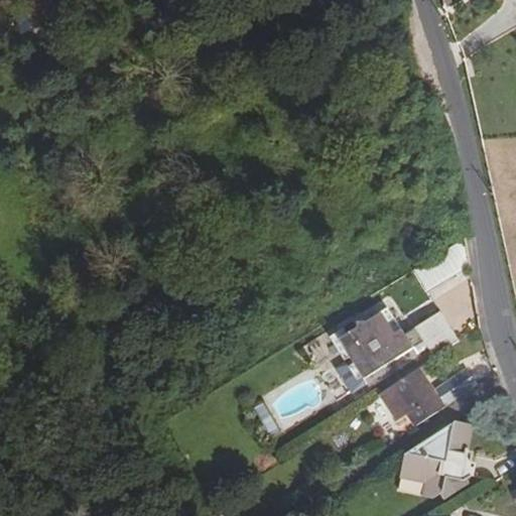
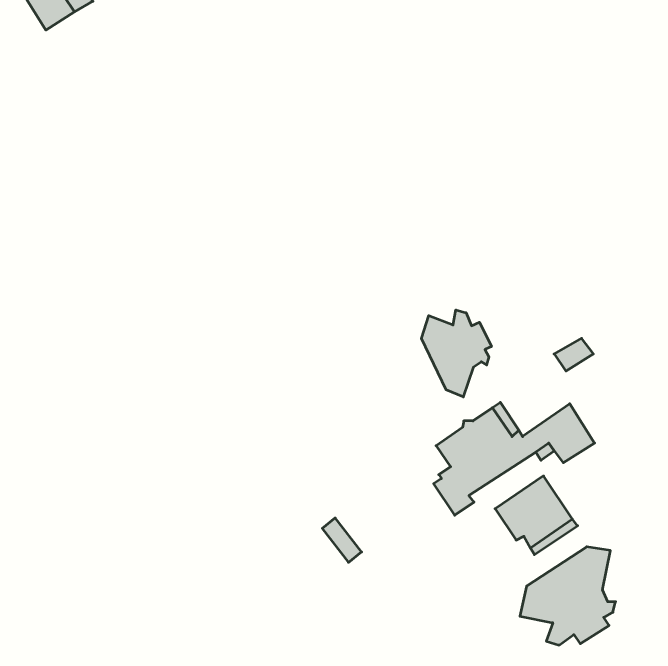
building: none -> [421,310,491,397]

